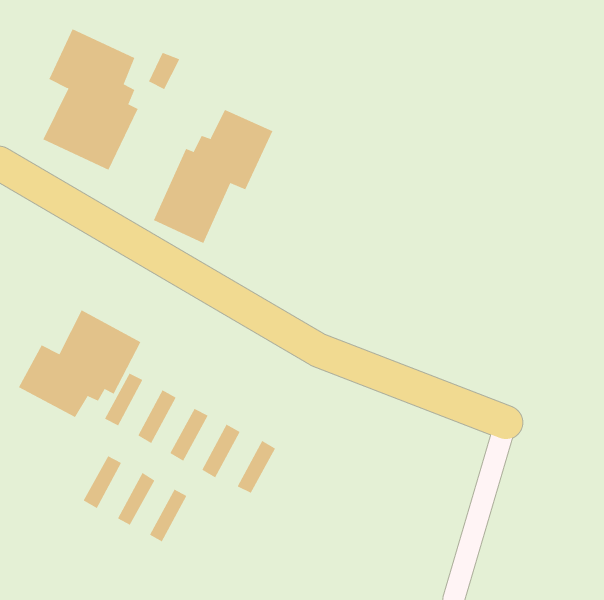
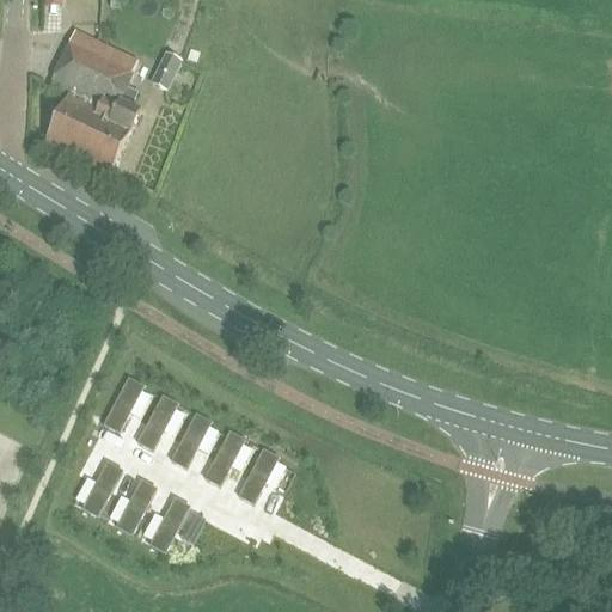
building: [153,109,273,244] -> none
building: [18,309,141,418] -> none

